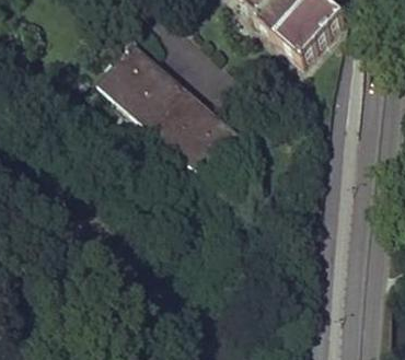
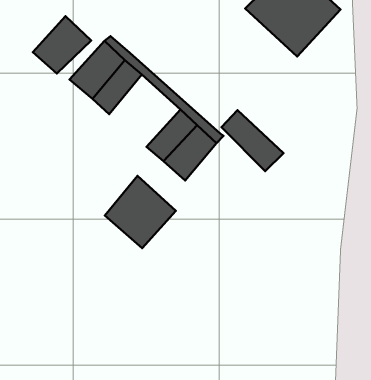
building: none -> [33,16,91,74]
building: [127,72,192,138] -> [105,176,176,248]
building: none -> [222,110,283,171]

